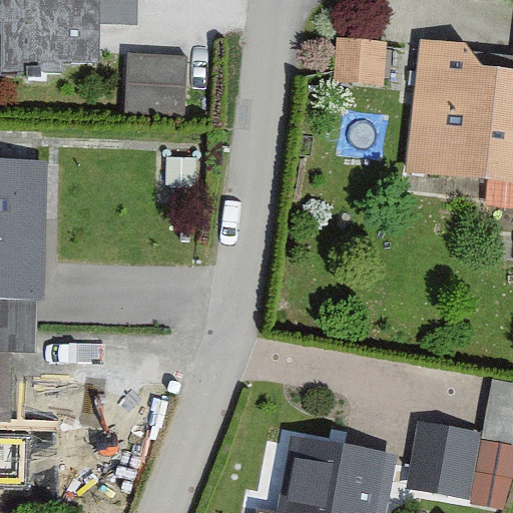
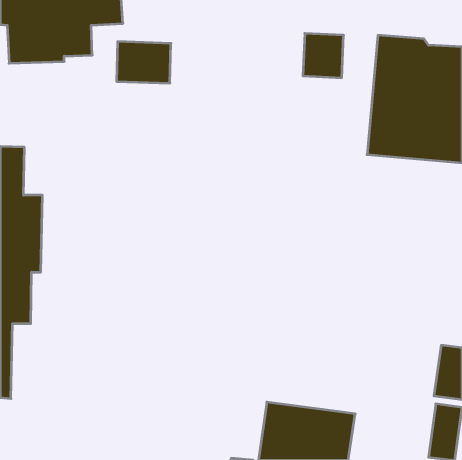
building: [408,427,477,499] -> none

